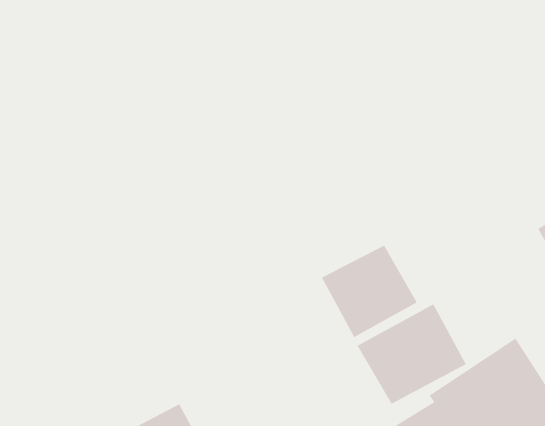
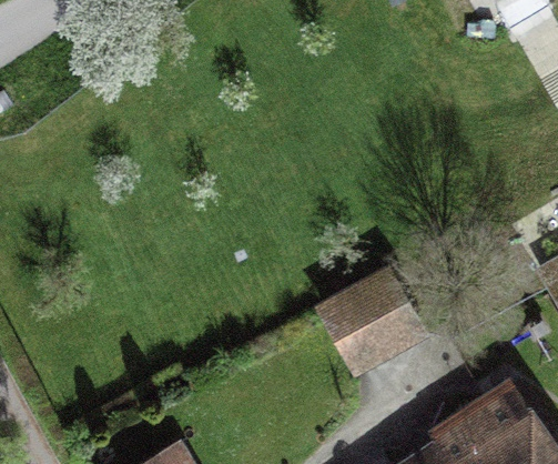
building: [357,304,467,404] -> none

